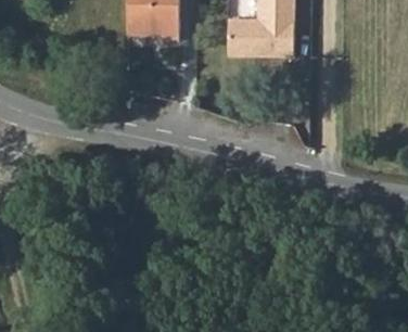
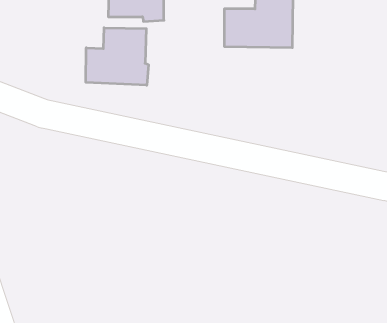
building: none -> [86,28,148,85]

